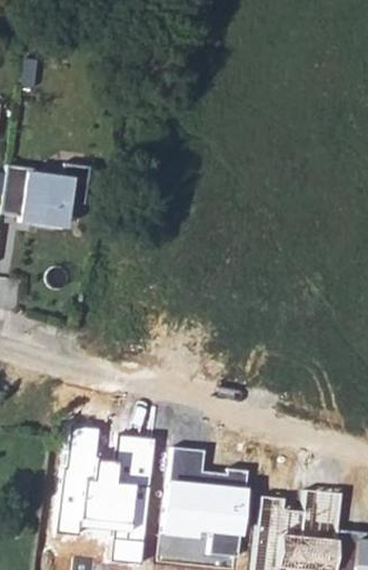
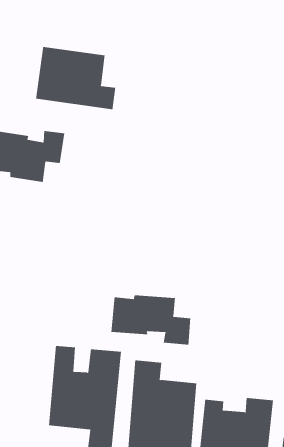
building: none -> [36,46,116,110]
building: none -> [111,295,191,346]

